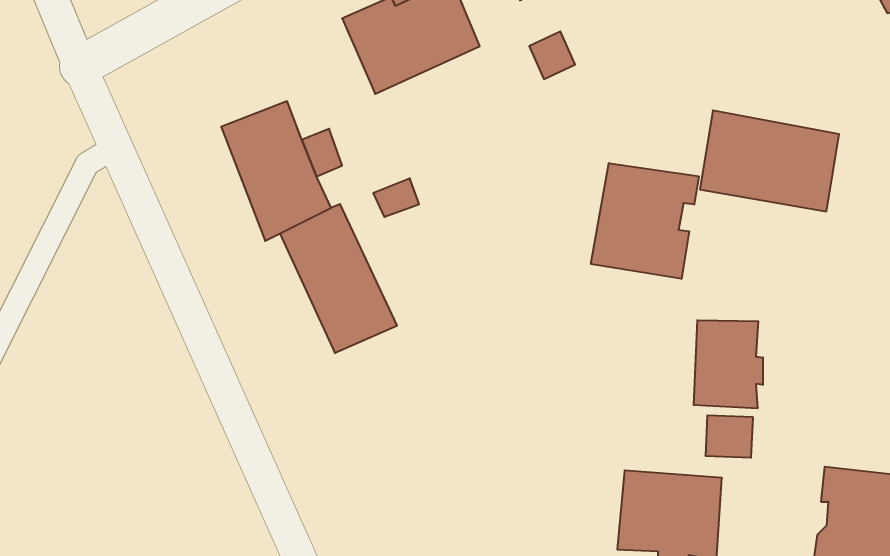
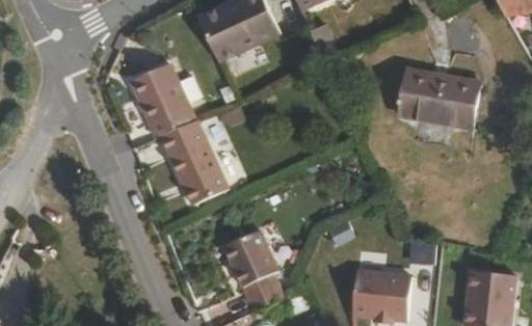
building: [591,163,699,279] -> none
building: [694,320,763,408] -> none
building: none -> [223,236,283,316]

